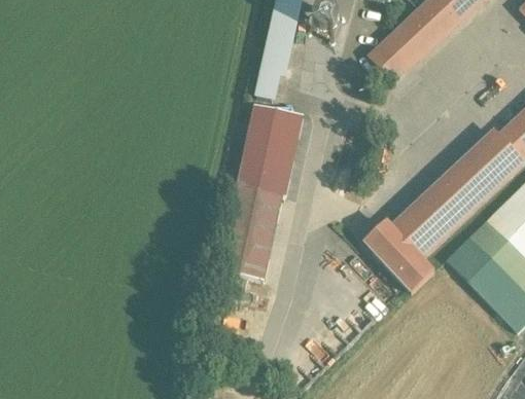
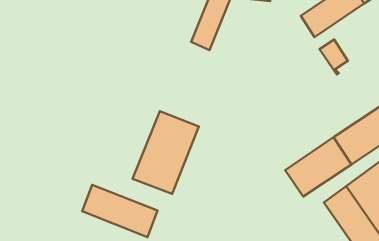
building: [367,41,404,82] -> [319,40,348,75]
building: [234,101,301,192] -> none
building: [367,223,434,292] -> none
building: none -> [82,185,157,237]

